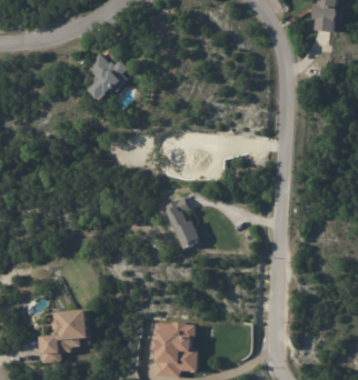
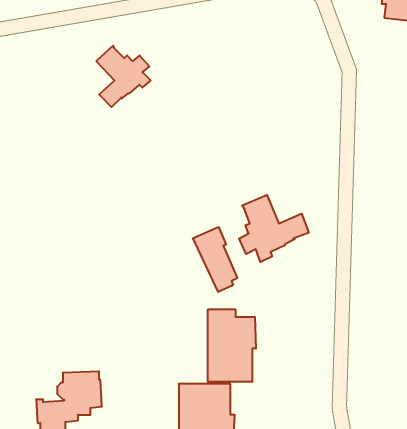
building: none -> [239,195,309,262]
building: none -> [208,309,256,382]

